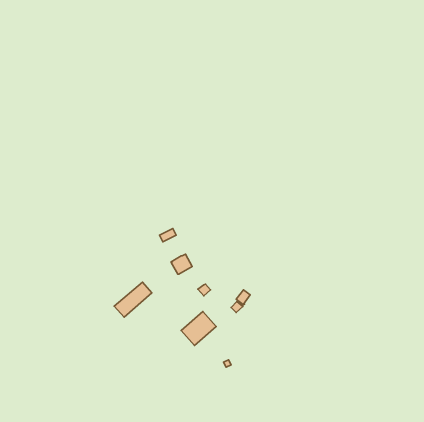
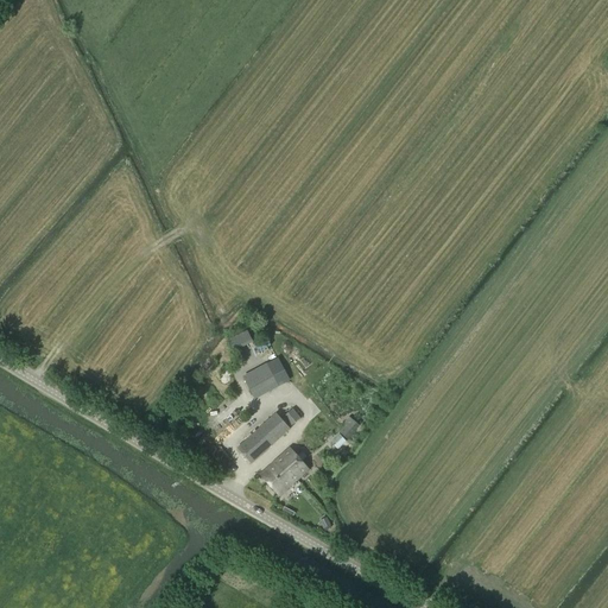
building: [114,282,152,317] -> [238,411,291,461]

